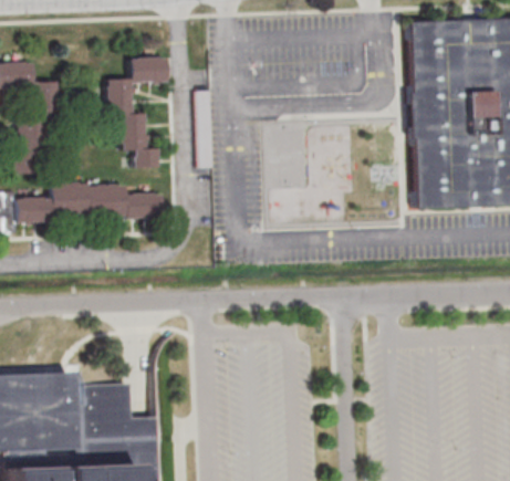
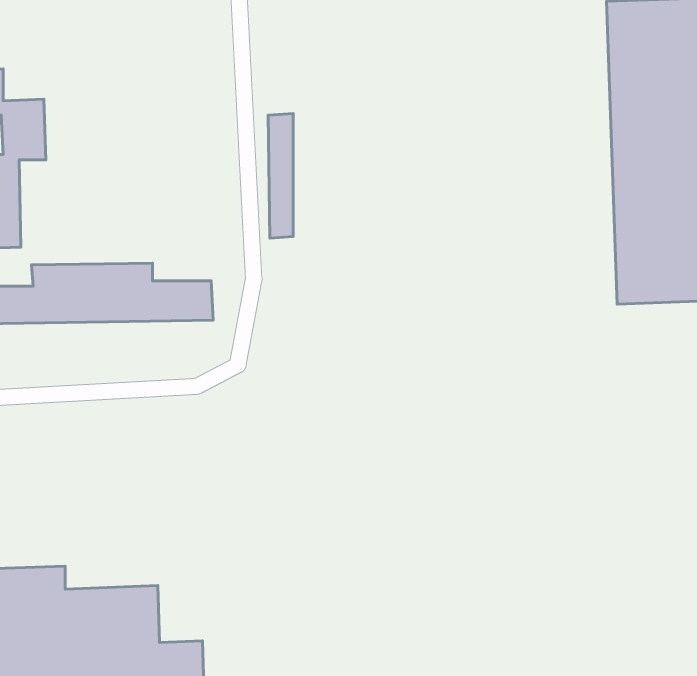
building: [106,57,168,168] -> none

